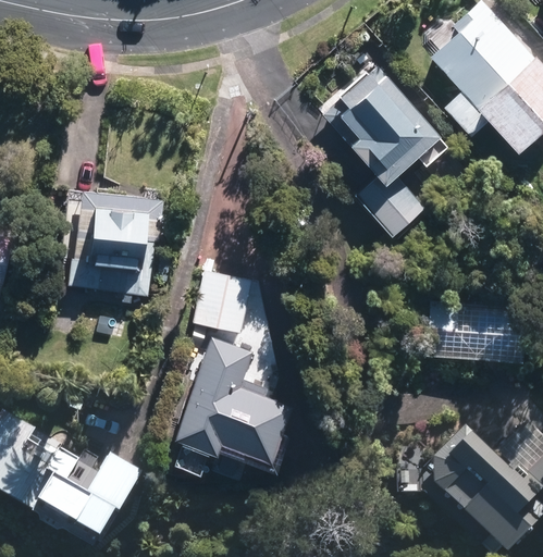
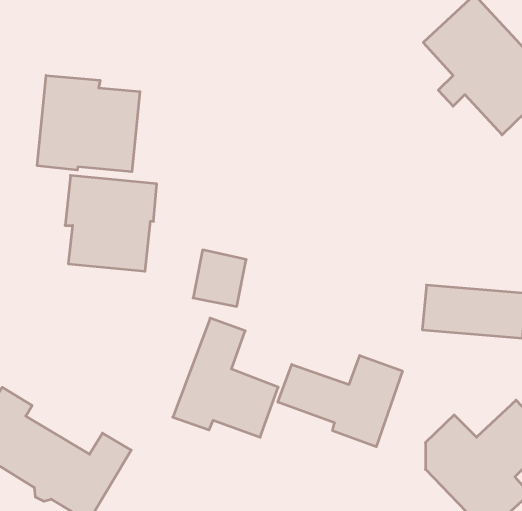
building: [326,72,437,232] -> none
building: none -> [37,75,140,172]
building: none -> [278,355,402,447]

